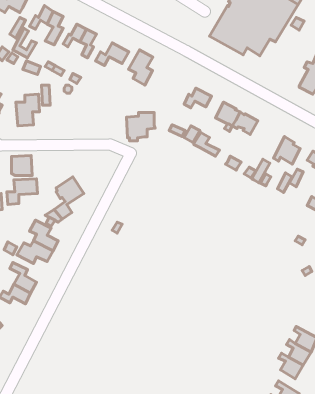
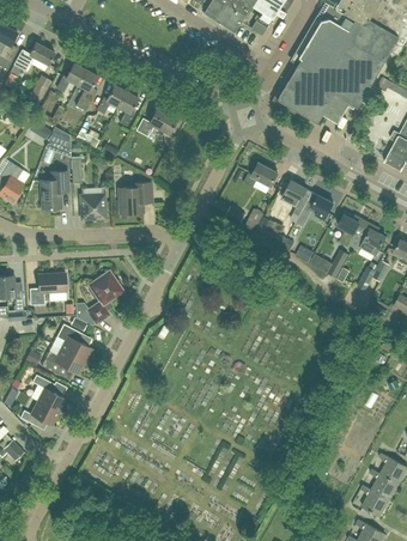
building: [128,50,153,85] -> none
building: [127,112,155,141] -> [117,182,152,217]
building: none -> [338,214,366,249]
building: [11,156,32,175] -> [80,194,105,218]

